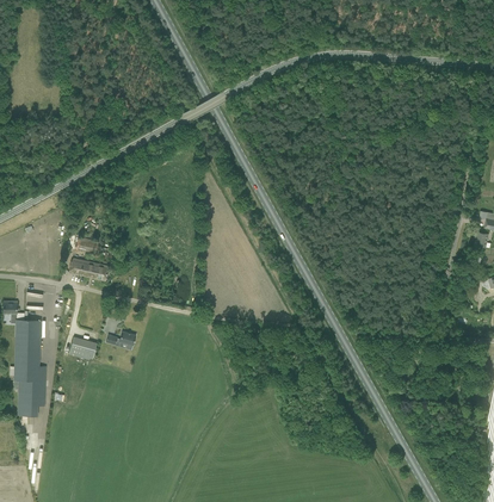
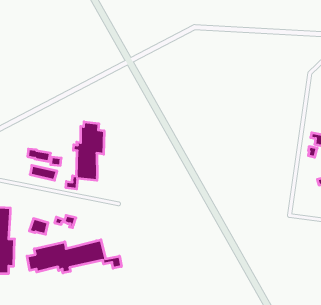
building: none -> [66,122,104,189]
building: none -> [27,240,121,273]

